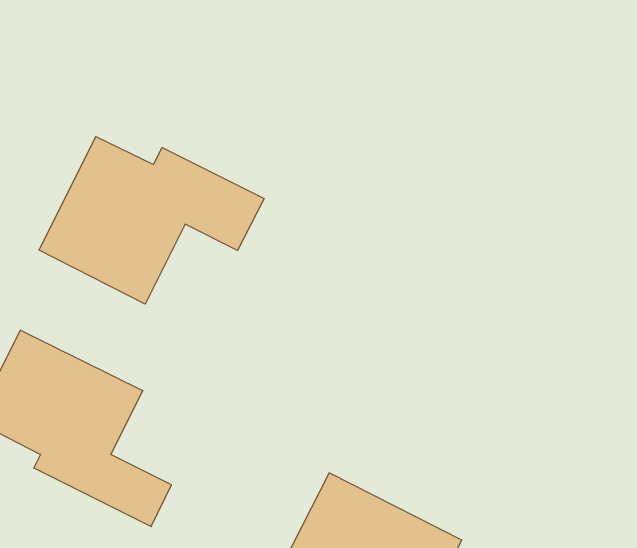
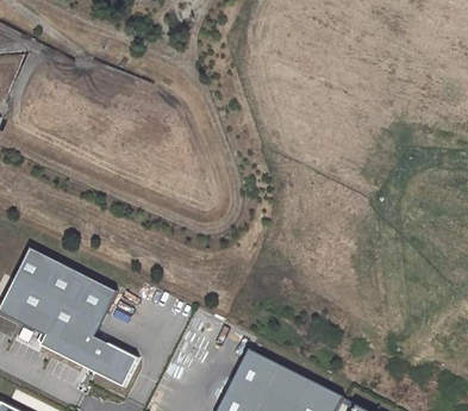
building: [39,137,264,304] -> none

